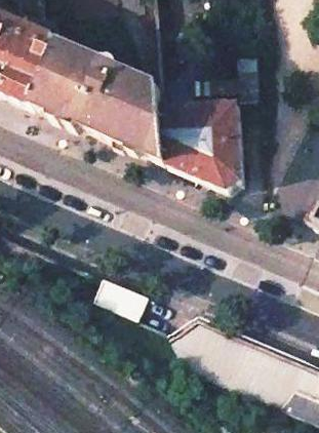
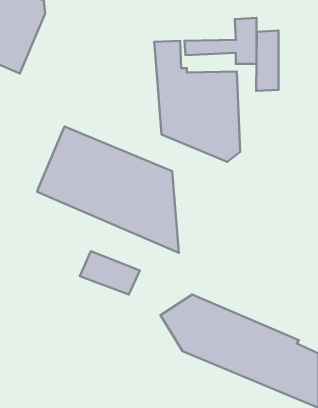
building: [35,45,168,164] -> [37,127,179,253]
building: none -> [256,31,279,91]

